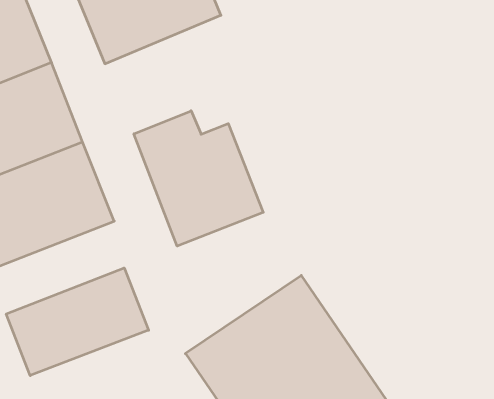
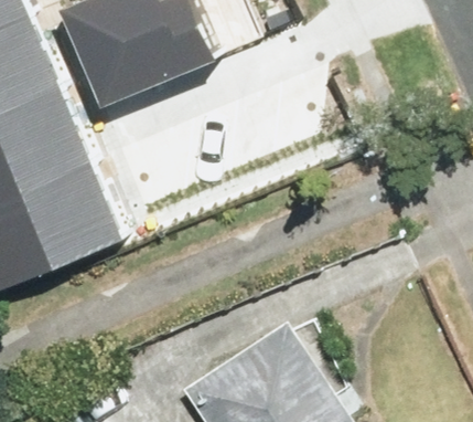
building: [134,111,263,246] -> none
building: [6,268,149,376] -> none

